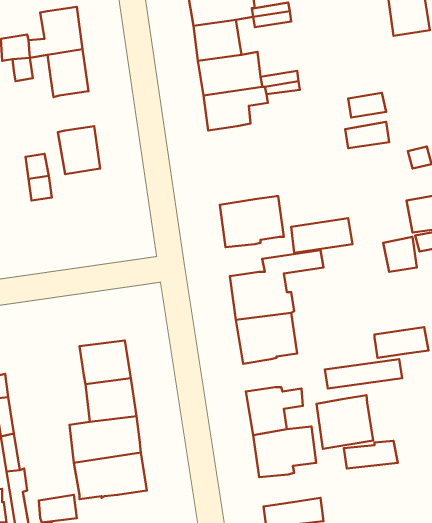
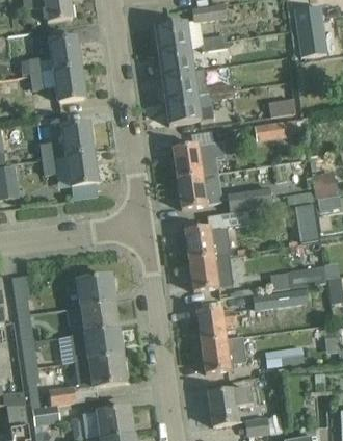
building: none -> [173,139,226,177]
building: none -> [68,151,97,185]
building: [316,395,373,449] -> none

